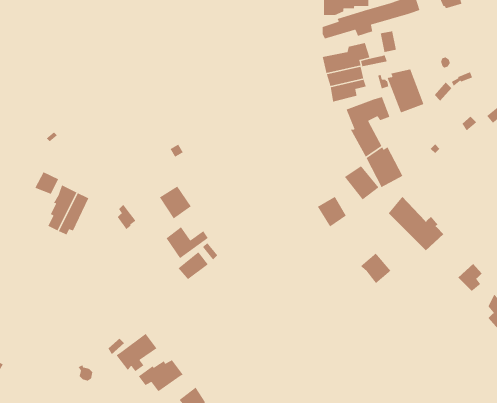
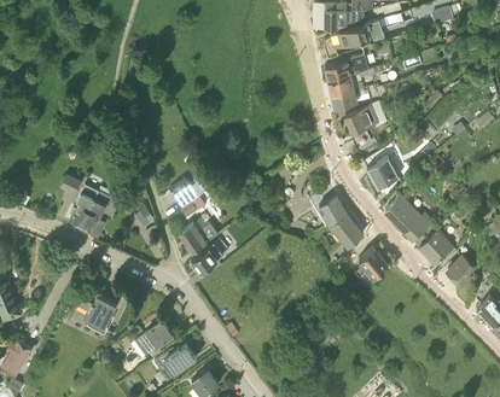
building: [387,69,424,114] -> none
building: [344,165,379,201] -> [331,212,364,245]
building: none -> [419,229,452,262]
building: none -> [77,293,116,328]

